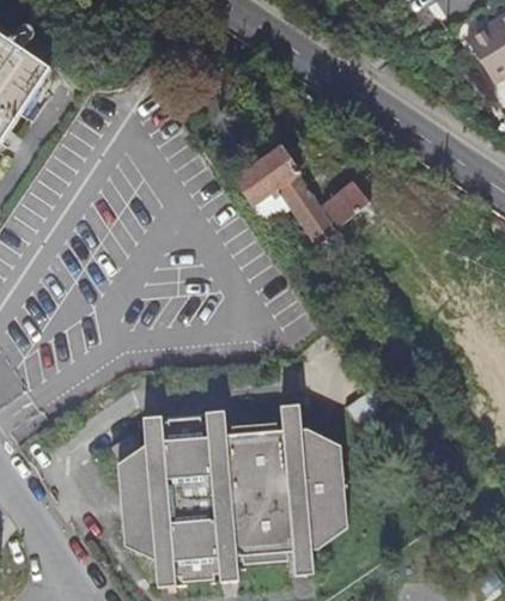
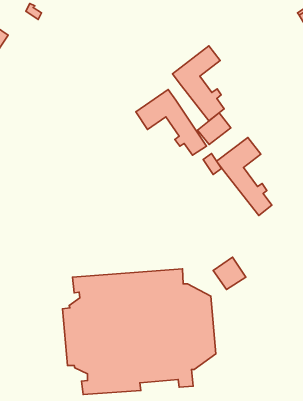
building: none -> [172,46,224,121]
building: none -> [217,138,272,216]

